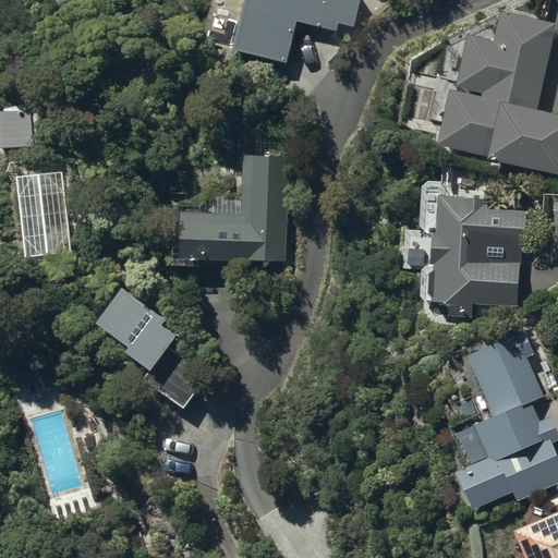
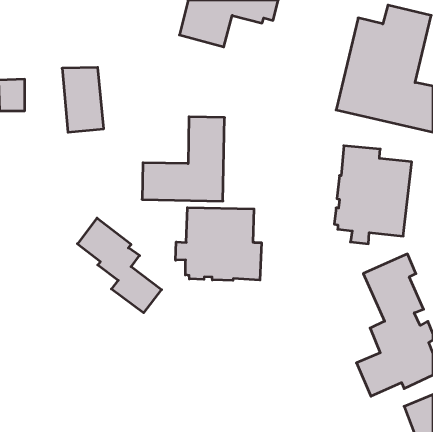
building: [16,172,70,255] -> [62,67,104,132]
building: none -> [176,208,261,280]

